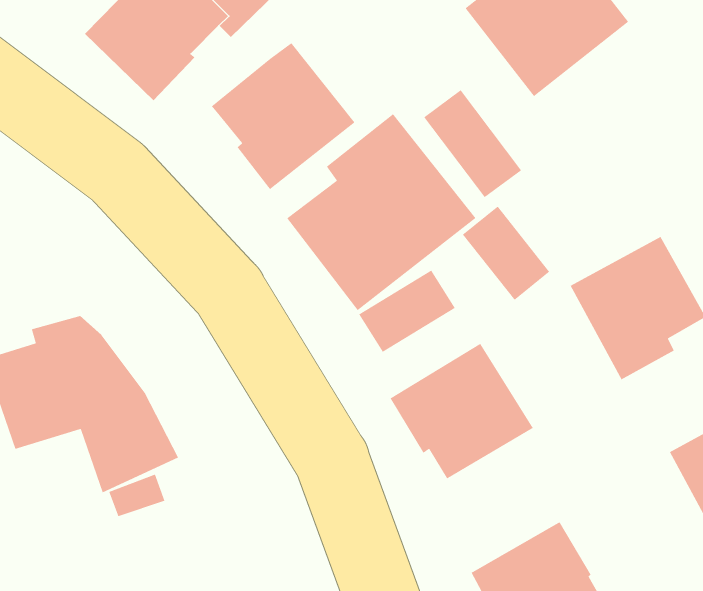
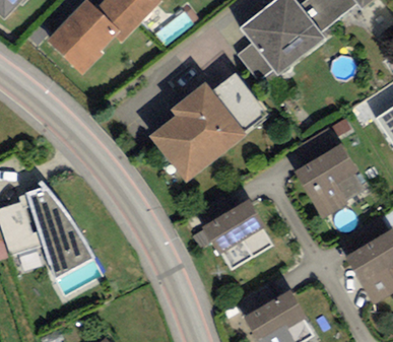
building: [211,42,355,190] -> none
building: [462,205,550,301] -> none
building: [358,269,456,353] -> none

